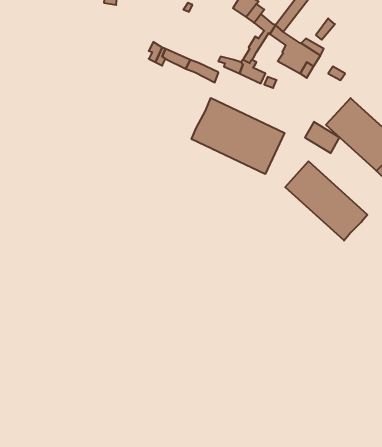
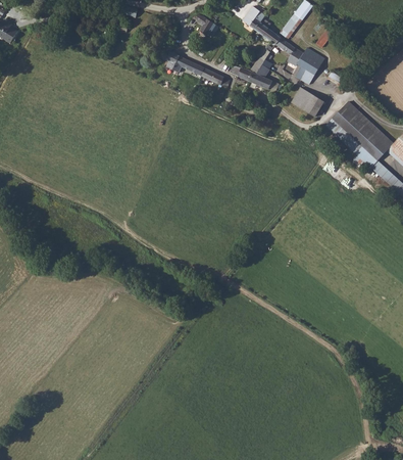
building: [192,98,285,174] -> none
building: [305,122,340,153] -> [292,87,323,116]
building: [285,161,367,241] -> none

